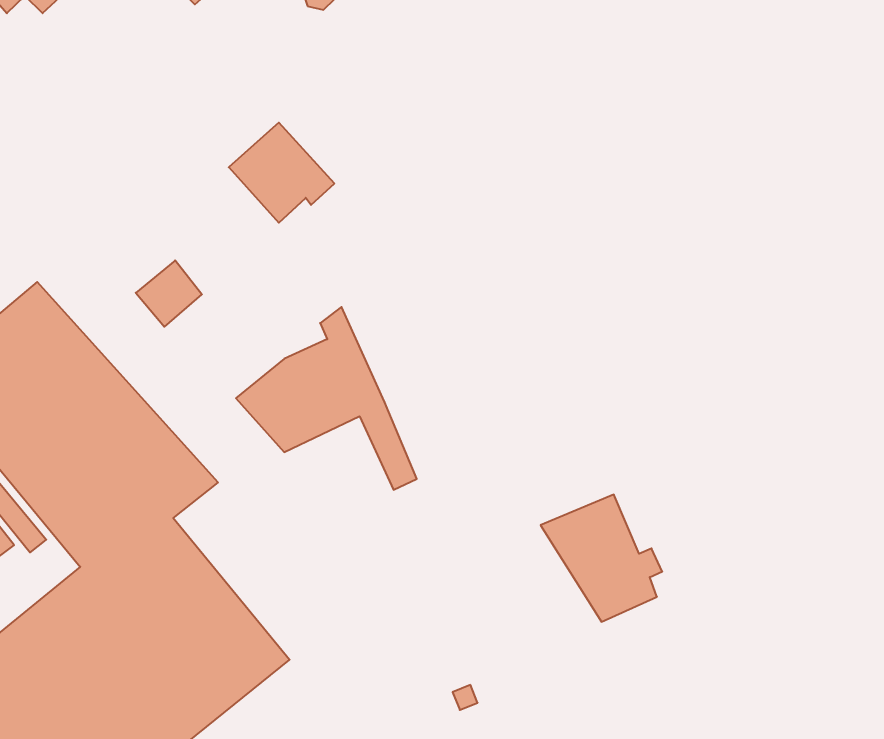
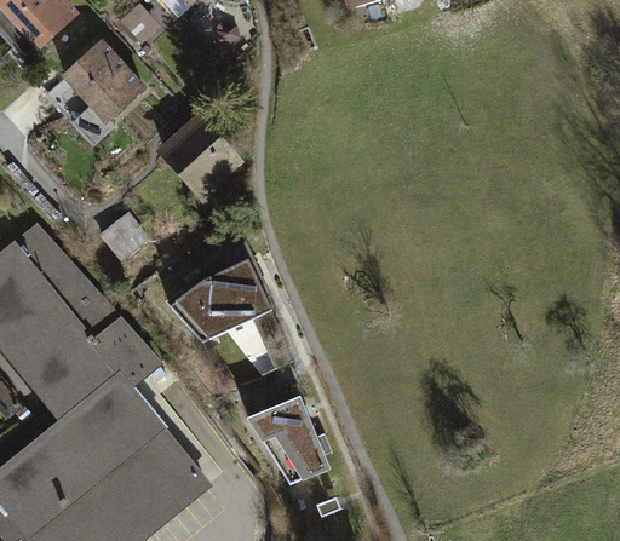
building: none -> [67,42,143,143]
building: [541,495,662,622] -> [249,397,332,483]

